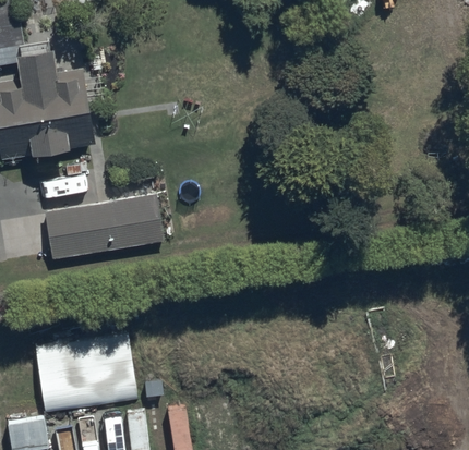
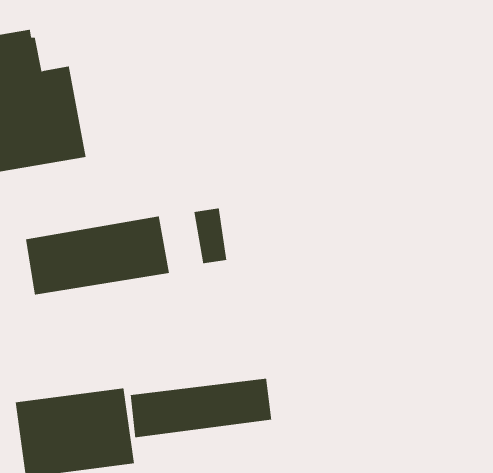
building: none -> [130,378,272,438]

